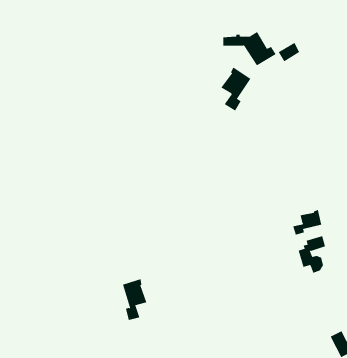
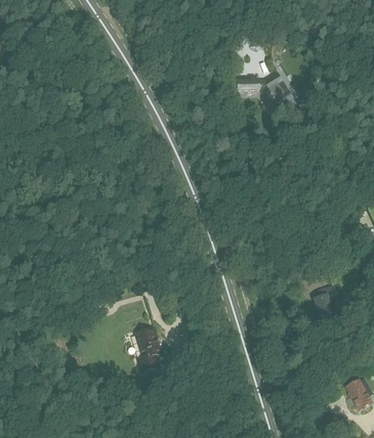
building: [221,67,251,111] -> none
building: [293,209,322,236] -> none

